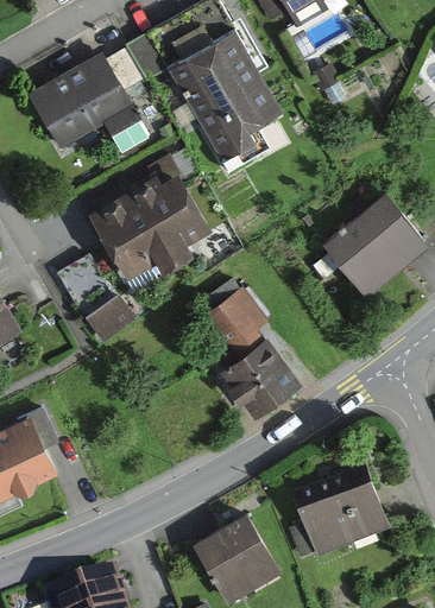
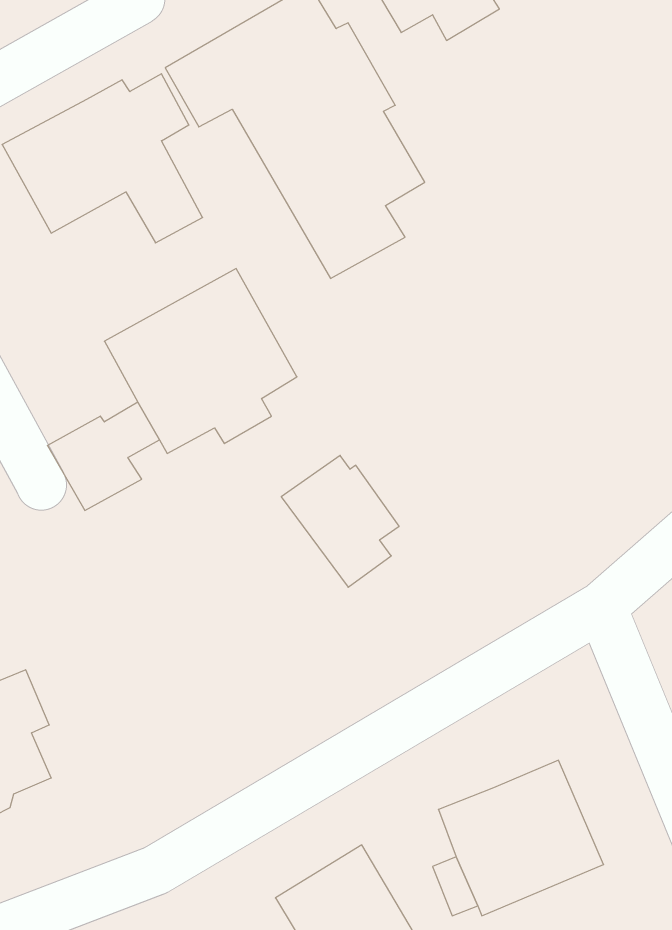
building: [324,196,424,294] -> none
building: [83,297,135,344] -> none
building: [220,338,301,418] -> none

